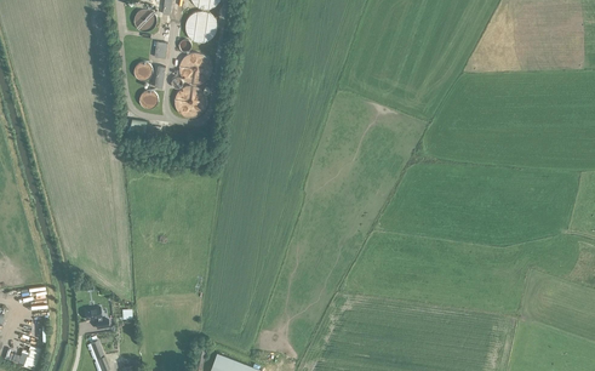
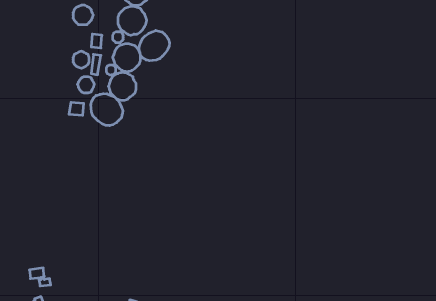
building: none -> [139,30,169,61]
building: none -> [91,94,123,126]

